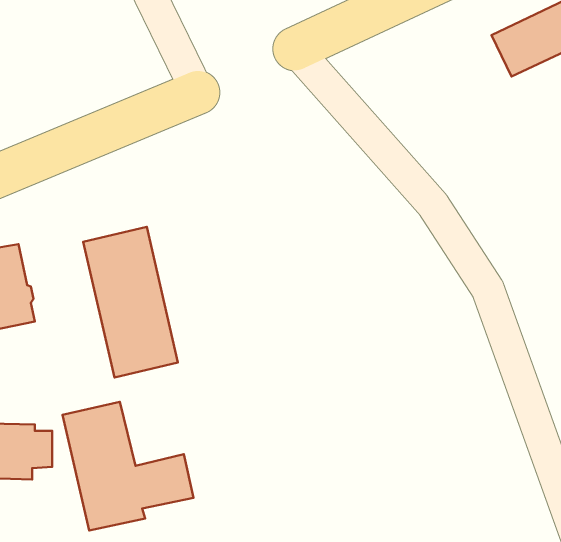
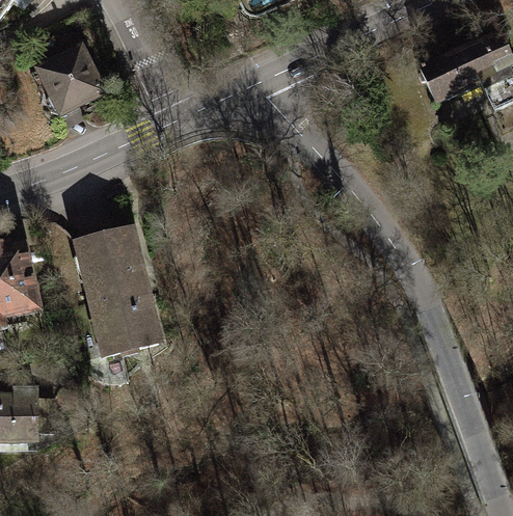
building: none -> [35,43,103,116]
building: [62,402,194,531] -> none

